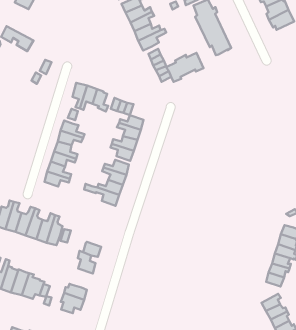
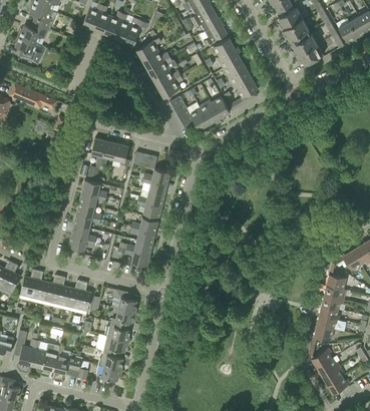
building: none -> [111,290,136,312]
building: none -> [95,334,127,357]

